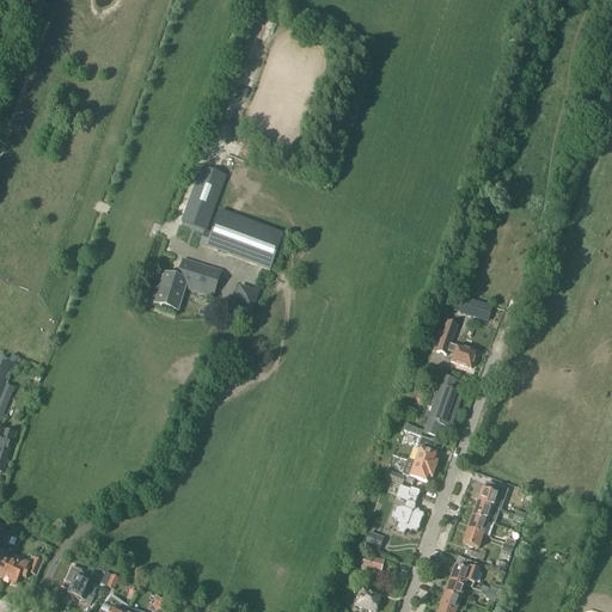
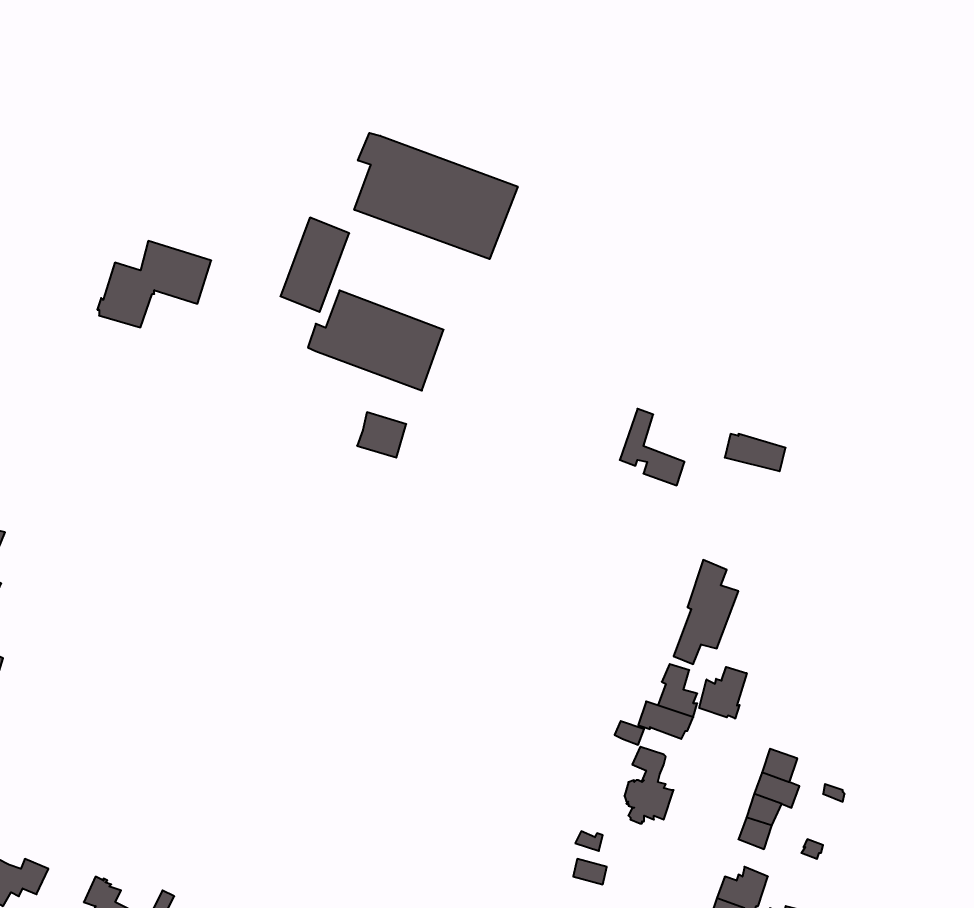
building: none -> [354,133,518,259]
building: [152,257,221,310] -> [97,241,211,327]
building: [436,319,476,366] -> [620,409,685,485]
building: none -> [699,667,747,719]

